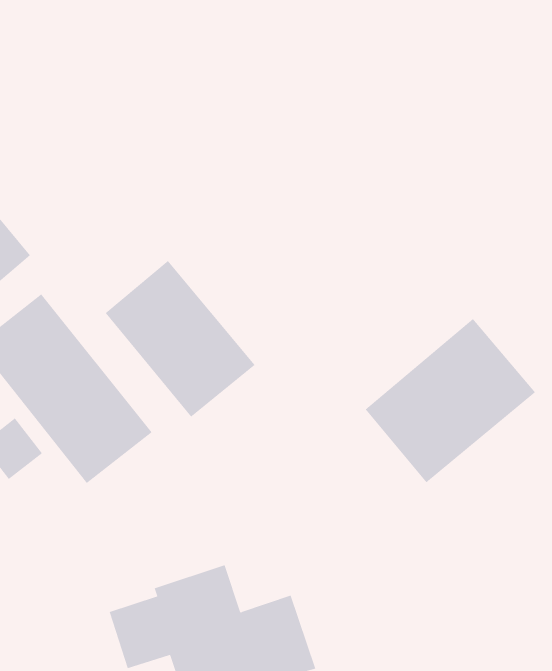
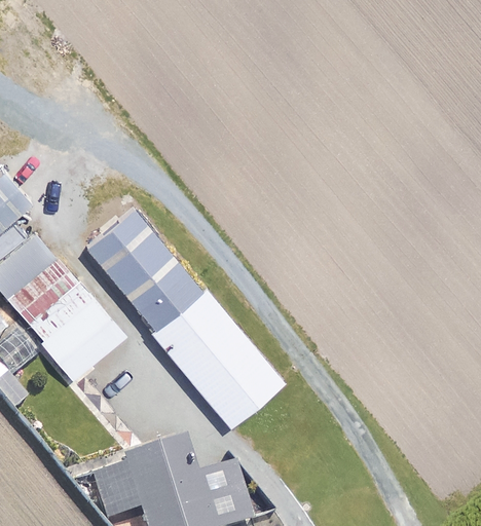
building: [365,318,536,483] -> none
building: none -> [148,287,283,427]

